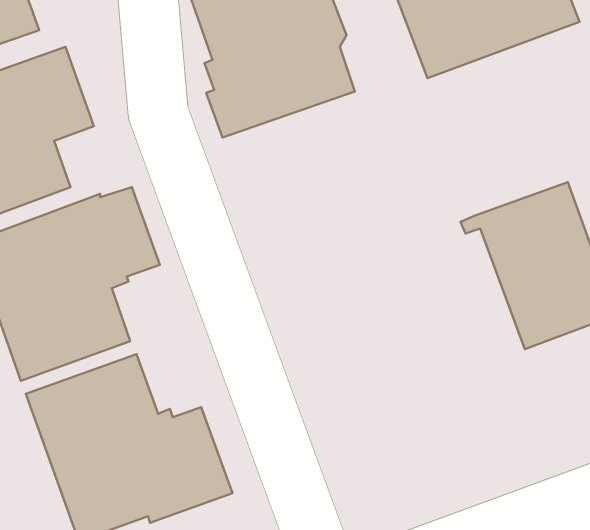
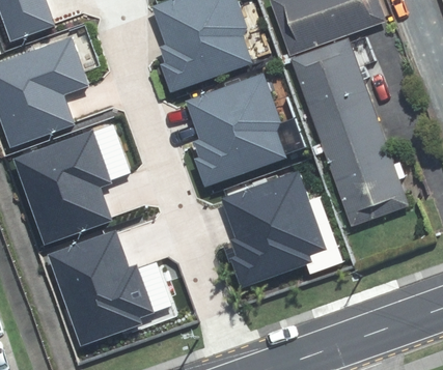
building: none -> [296,37,384,142]
building: none -> [183,73,302,189]
building: none -> [217,170,341,287]

